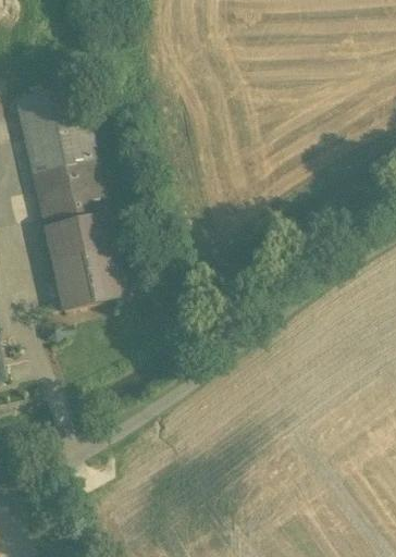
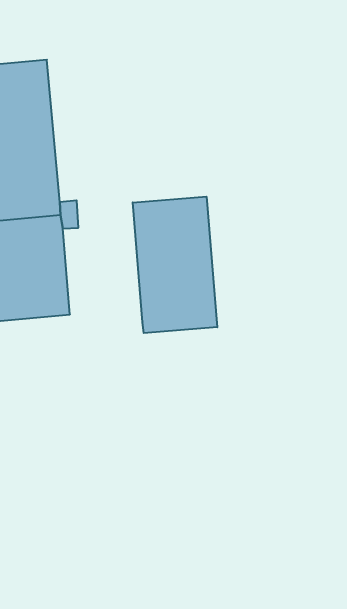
building: none -> [133,197,217,333]

